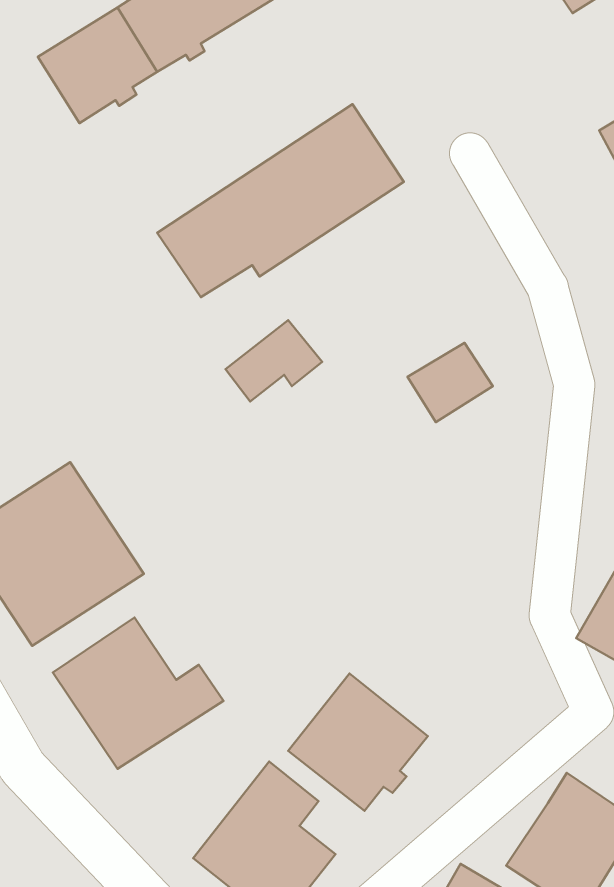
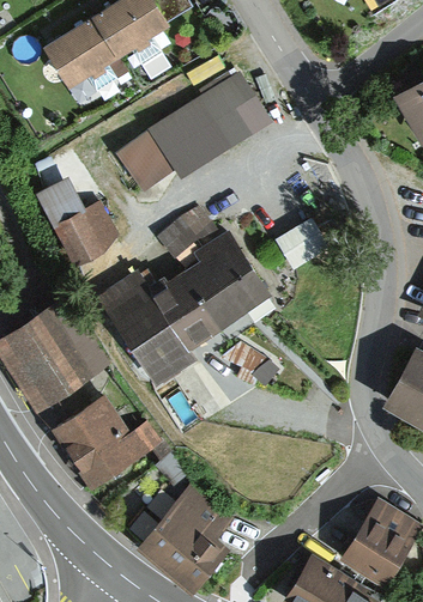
building: none -> [31,178,115,273]
building: none -> [99,236,271,389]
building: [288,673,428,811] -> none

